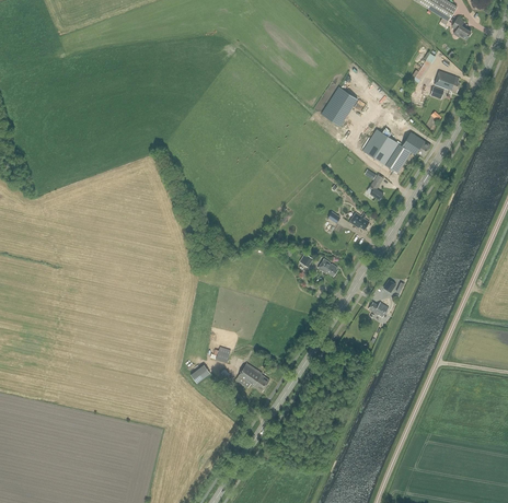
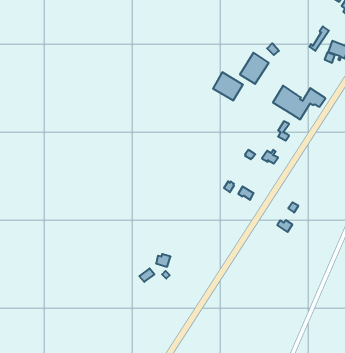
building: none -> [213,72,243,101]
building: [236,363,270,391] -> none

